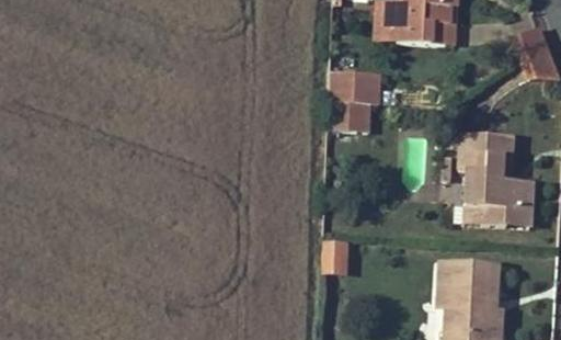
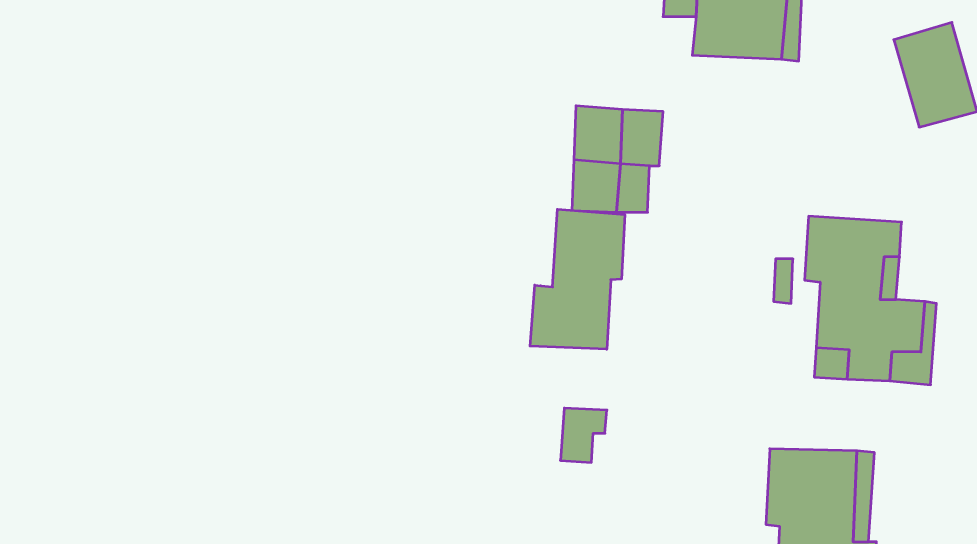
building: none -> [530,209,625,349]

